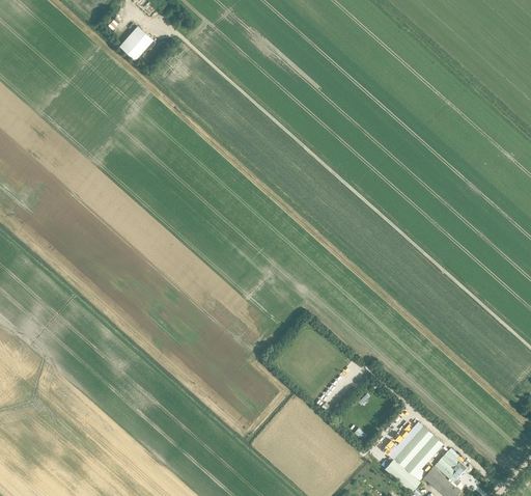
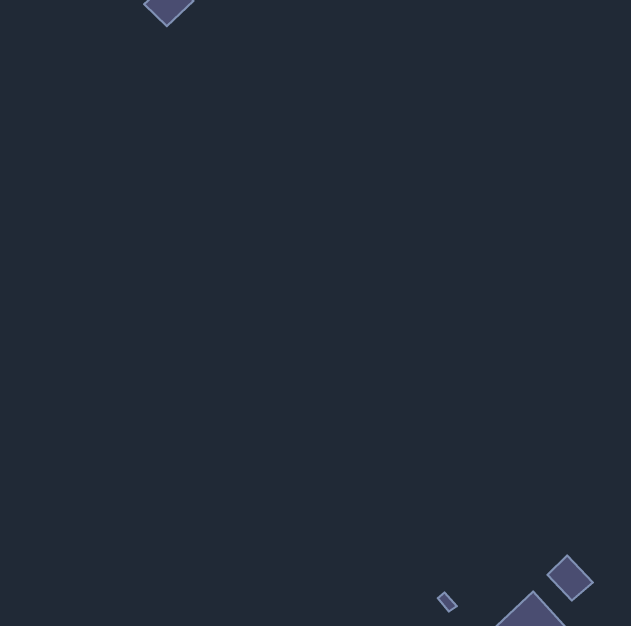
building: none -> [548,555,593,601]

